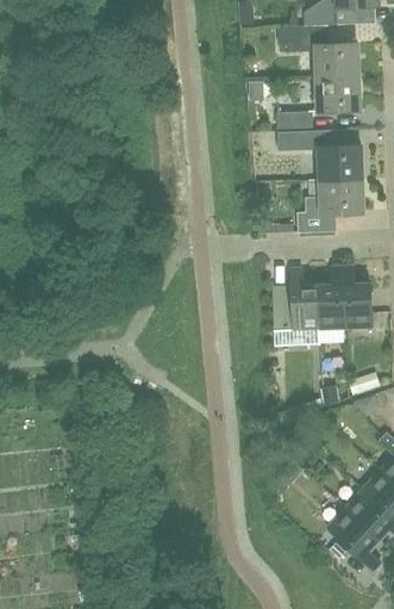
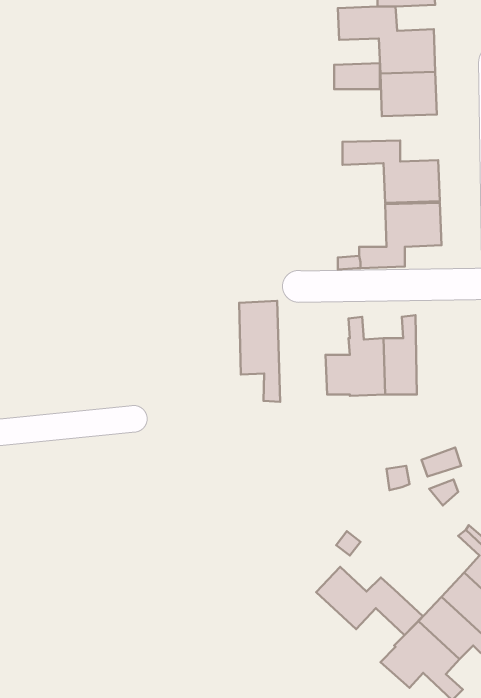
building: [275,111,311,131] -> [334,63,380,89]
building: none -> [239,301,280,402]
building: [342,267,370,329] -> none
building: none -> [316,567,423,635]

